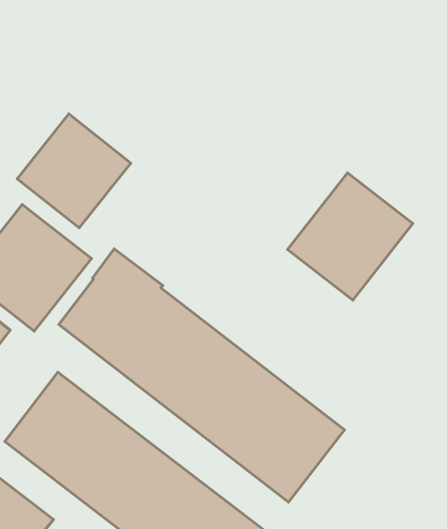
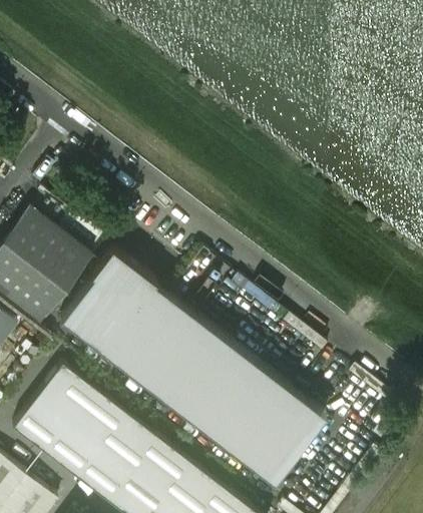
building: [17,114,131,228] -> none
building: [287,173,413,300] -> none

